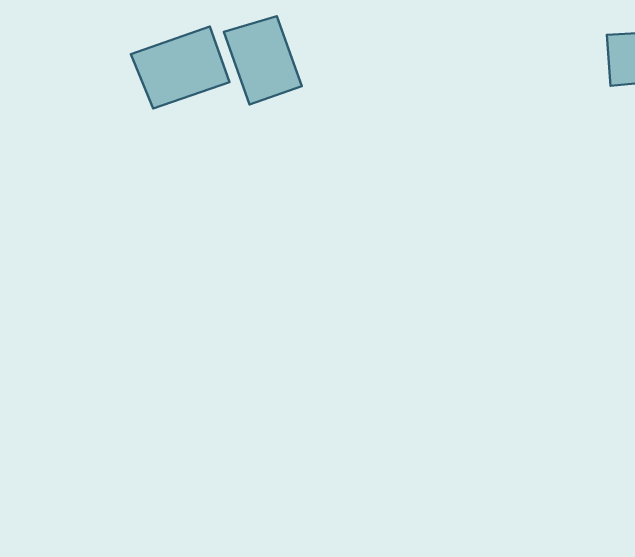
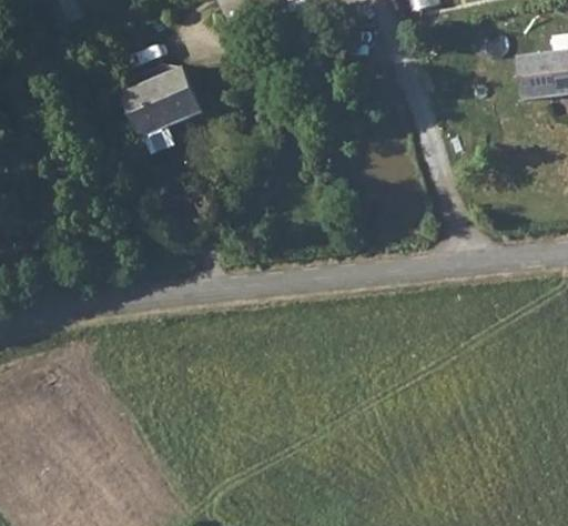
building: [224,16,302,105] -> none

